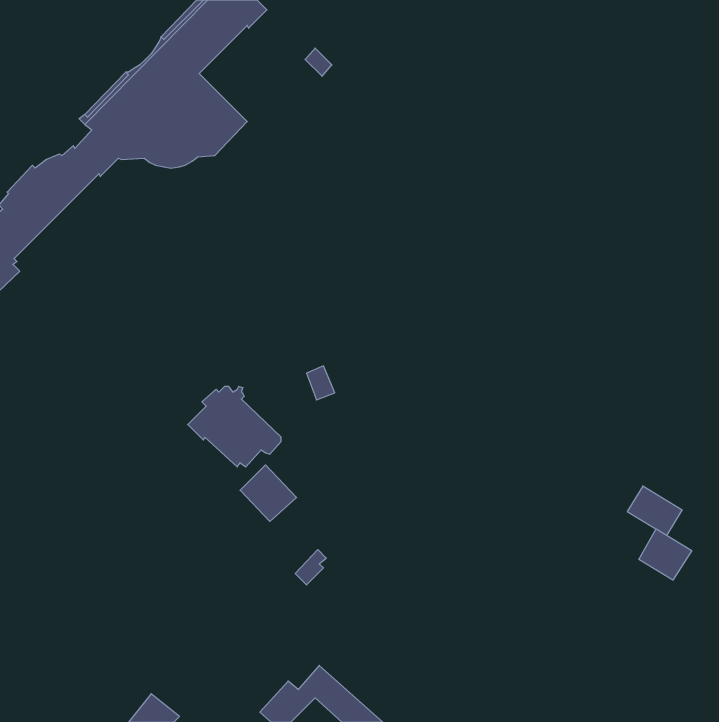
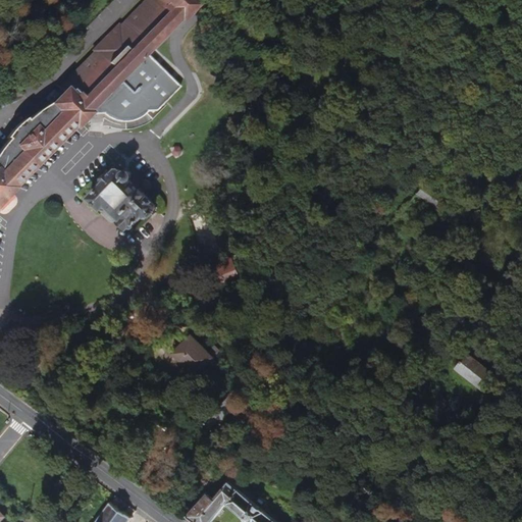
building: [188,386,281,467] -> [88,169,155,227]
building: [639,529,692,580] -> none

